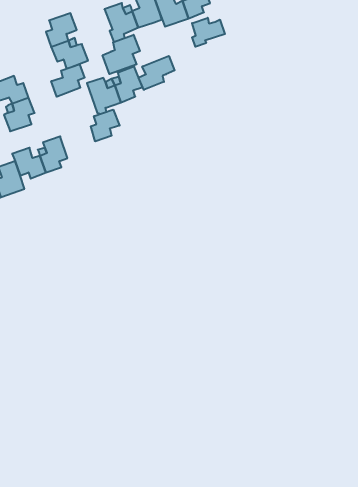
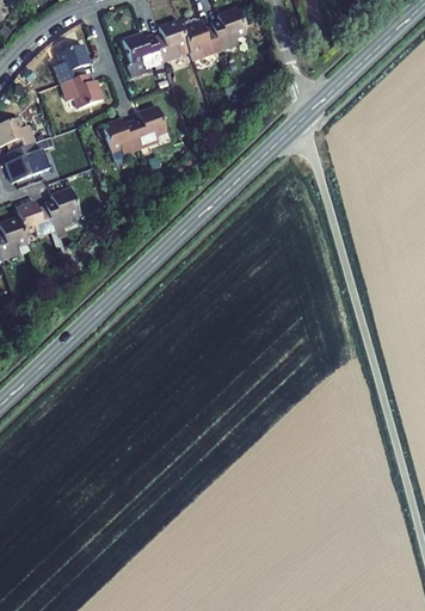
building: [192,18,225,47] -> none
building: [103,35,140,74] -> none
building: [139,56,175,90] -> none
building: [51,64,85,97] -> none
building: [91,110,120,141] -> none

